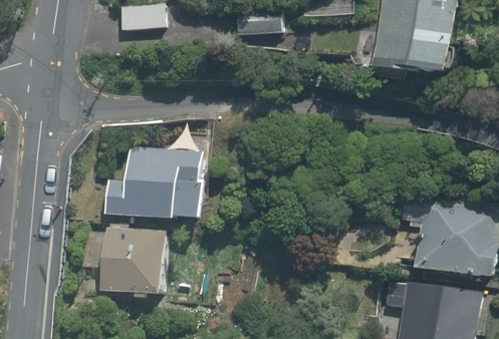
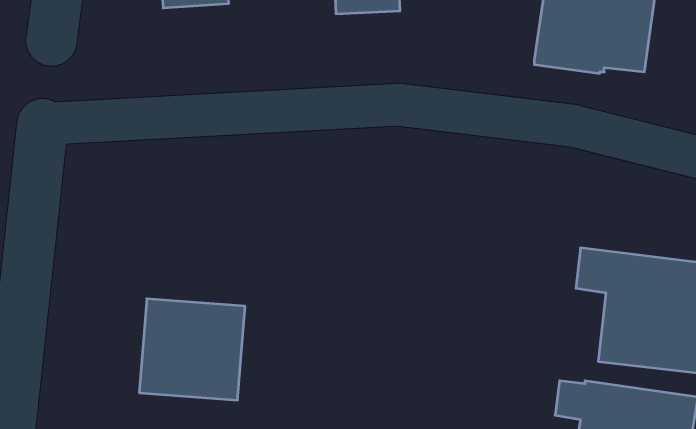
building: [104,146,208,221] -> none

